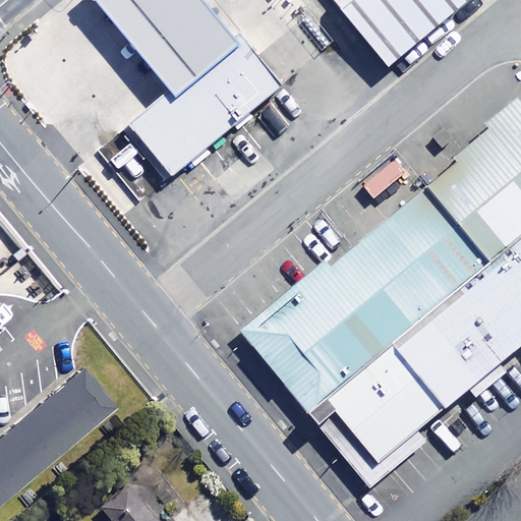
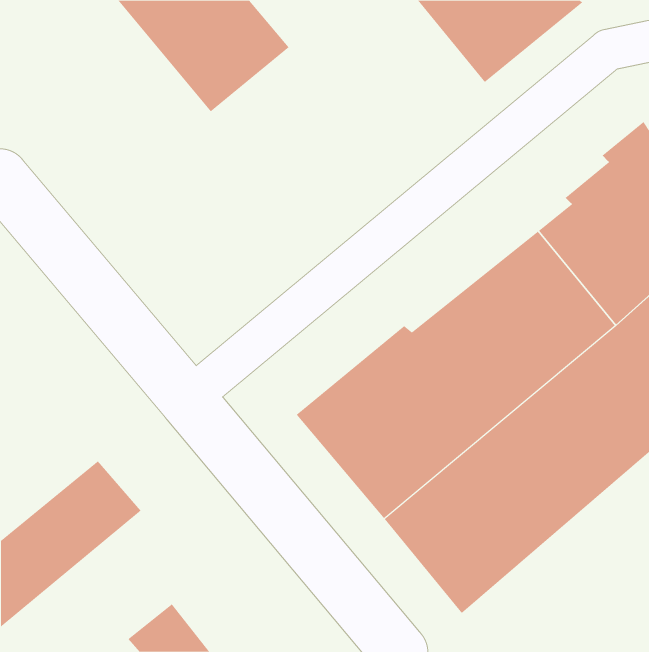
building: [121,34,283,182] -> none

